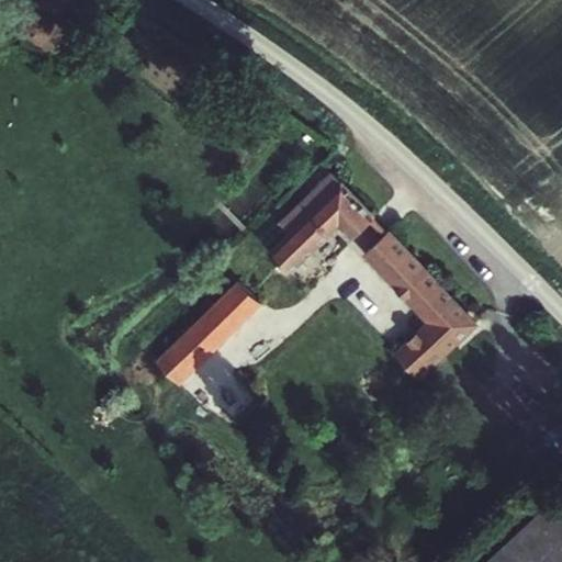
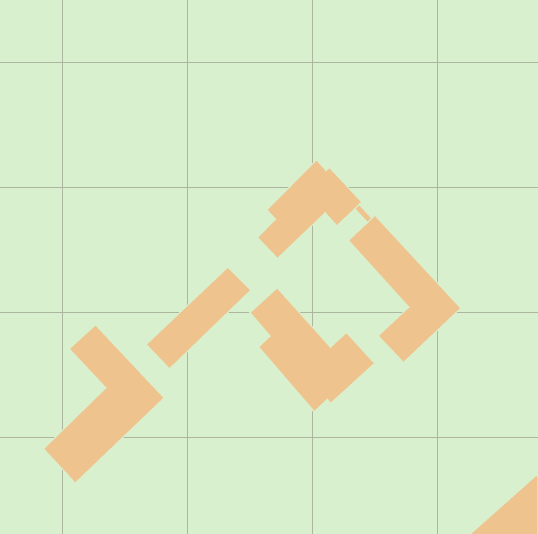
building: none -> [250,288,375,412]
building: none -> [43,325,164,483]

